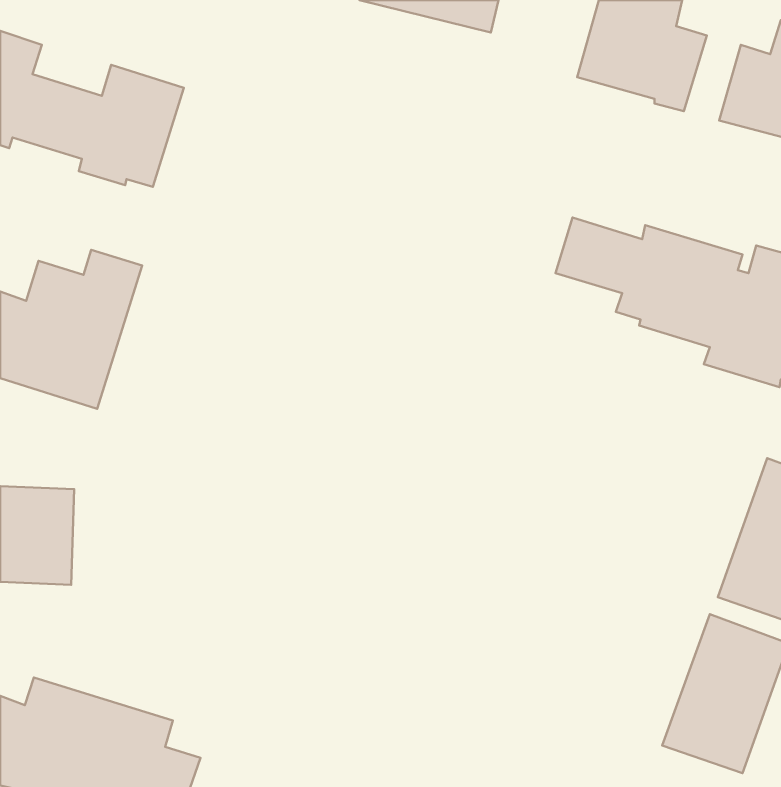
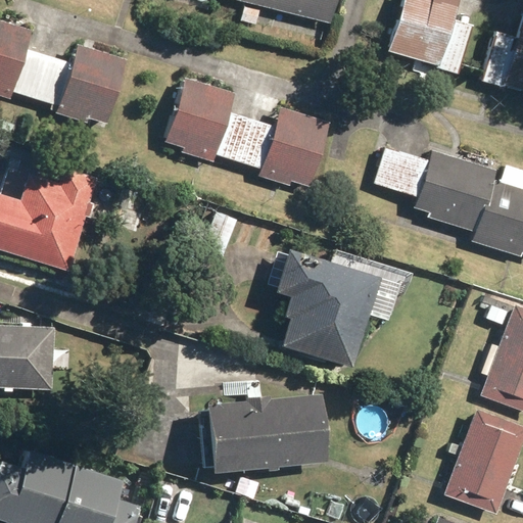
building: none -> [167,78,330,187]
building: none -> [274,248,380,368]
building: none -> [205,394,328,472]

